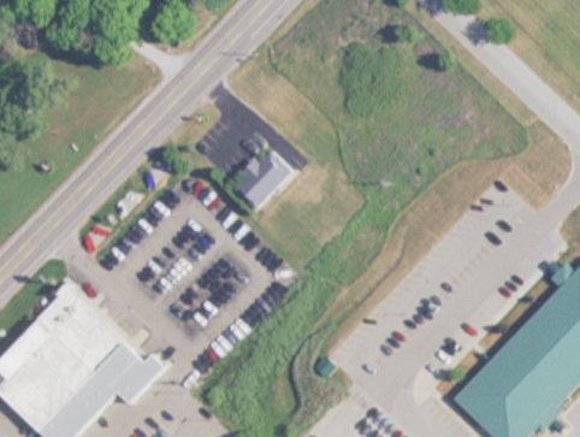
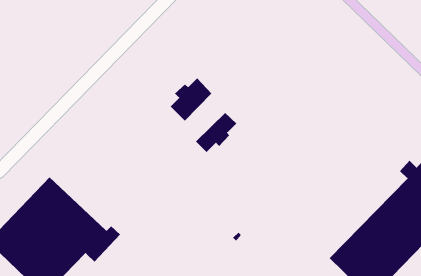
building: none -> [195,112,237,153]

